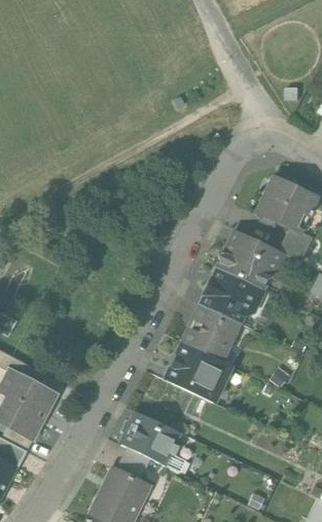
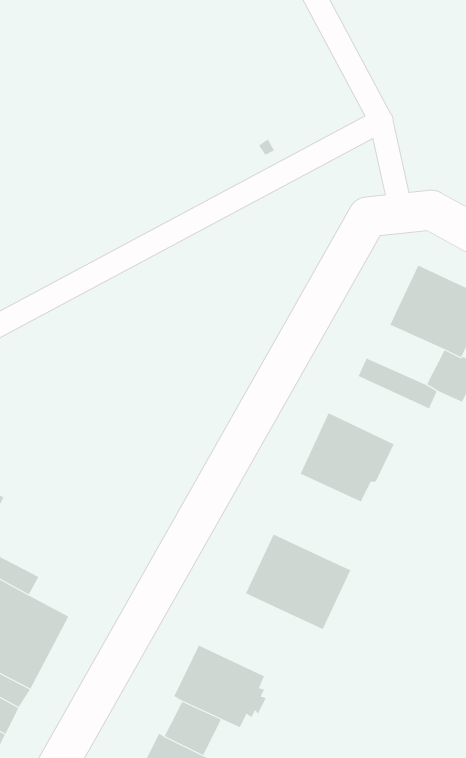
building: [217,242,280,288] -> none
building: [183,306,241,360] -> none

